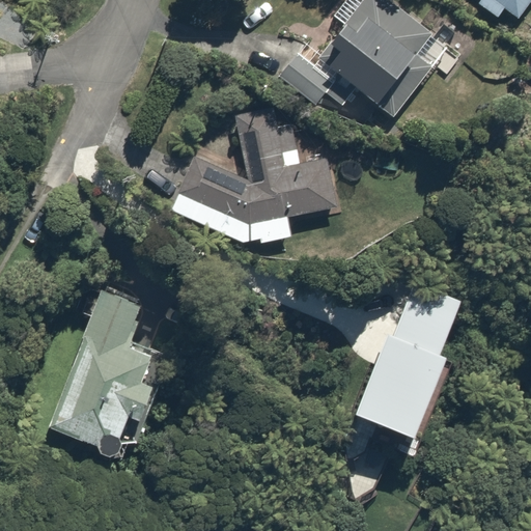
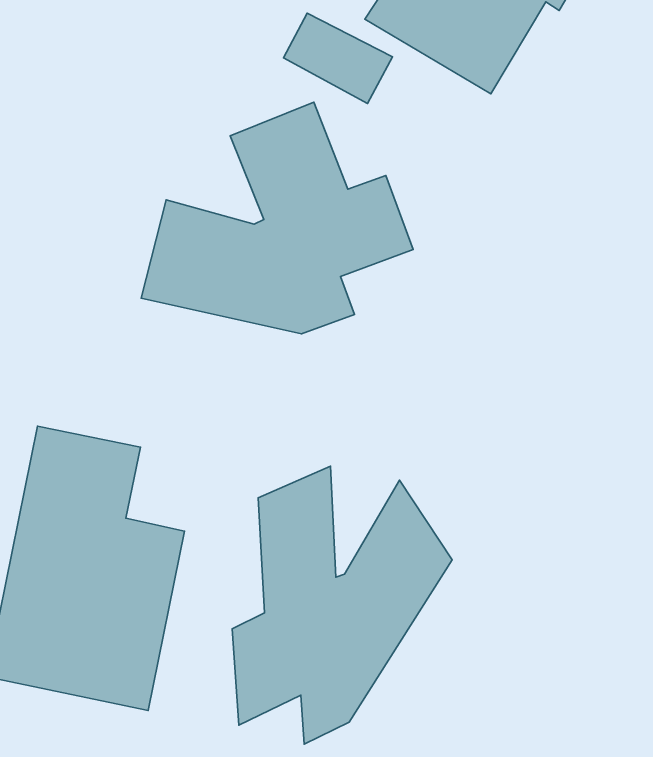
building: [355,282,463,431] -> none
building: none -> [232,466,452,744]

